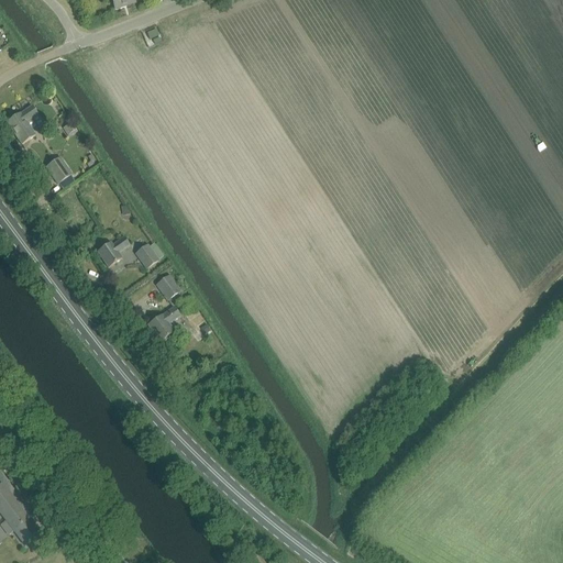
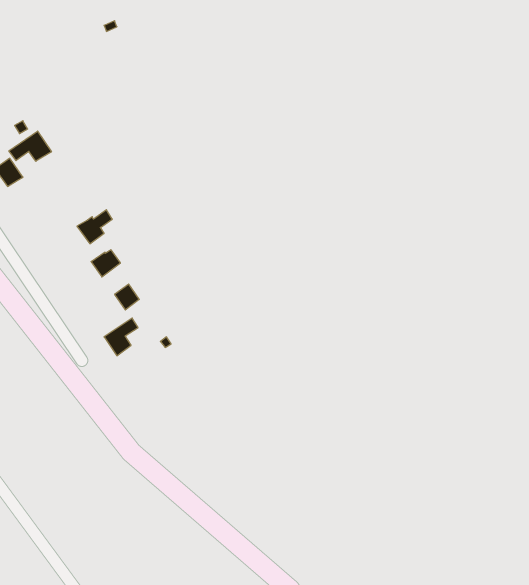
building: none -> [9,131,51,161]
building: [96,235,129,267] -> [77,210,112,244]

